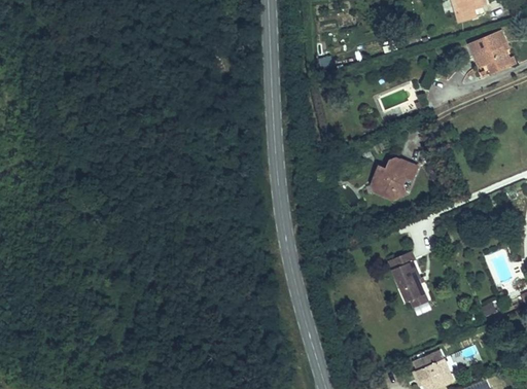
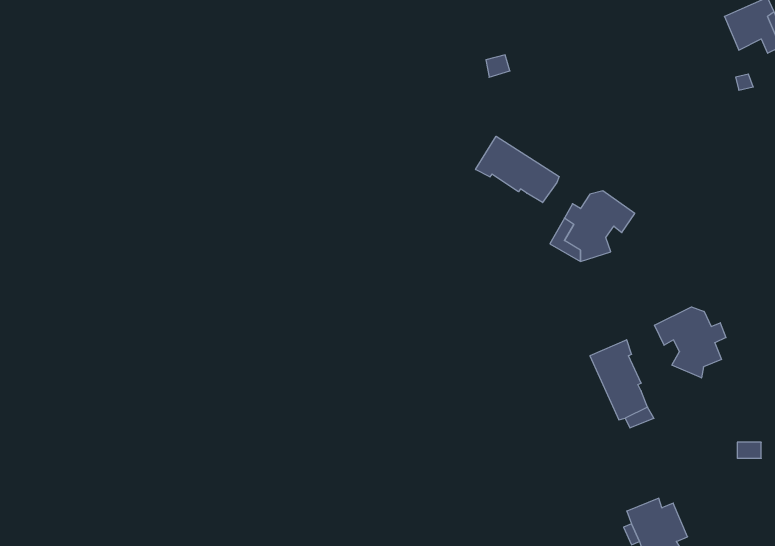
building: none -> [476,136,559,203]
building: none -> [655,307,726,378]

